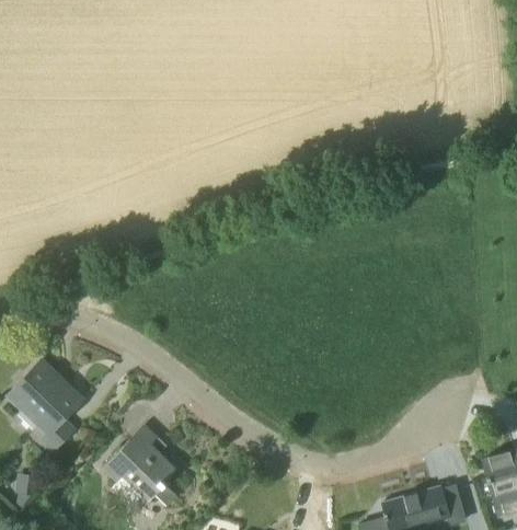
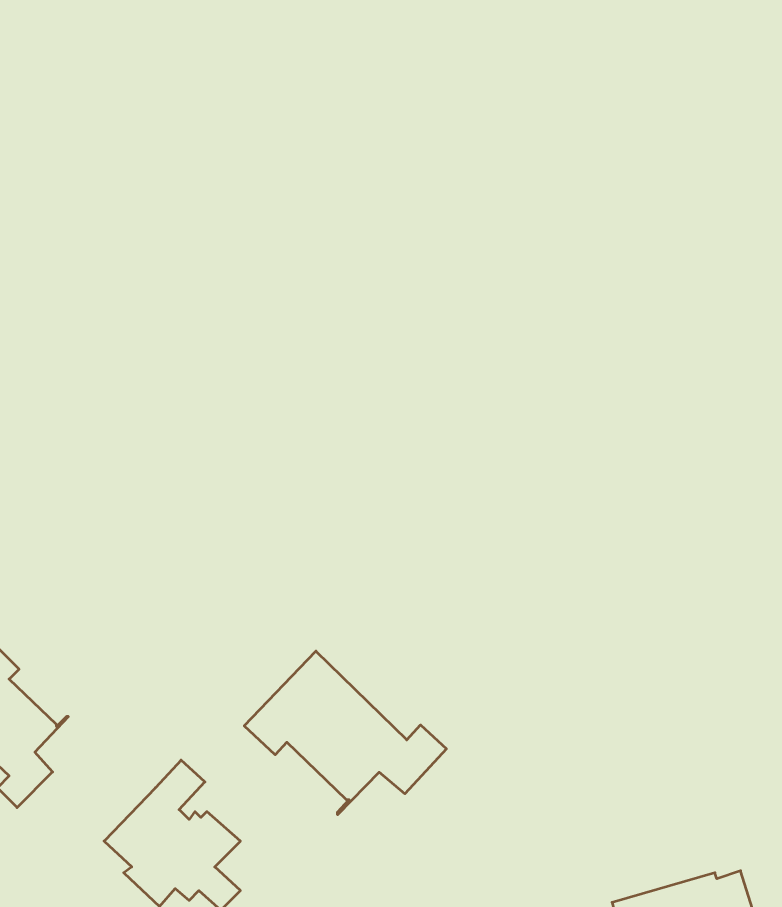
building: none -> [244,651,446,815]

